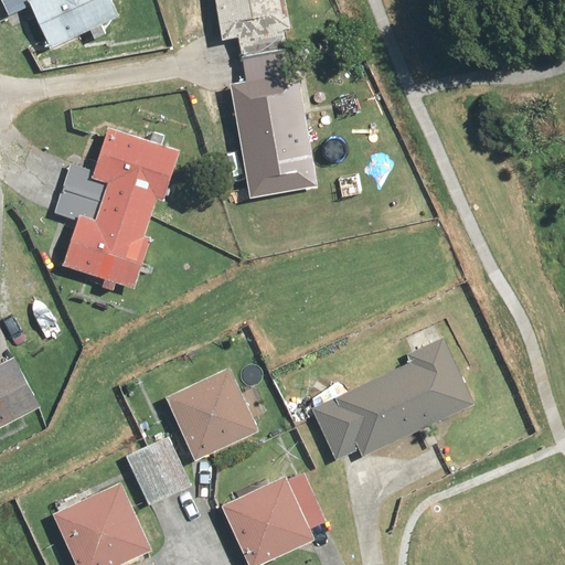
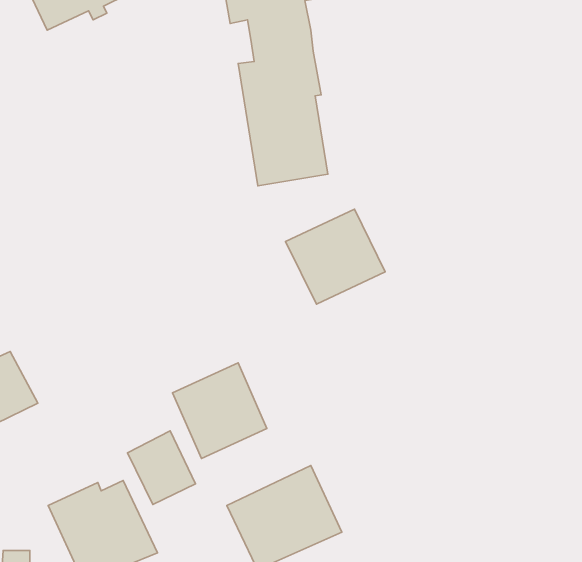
building: [53,127,181,289] -> none
building: none -> [286,209,385,304]
building: [310,323,471,460] -> none

